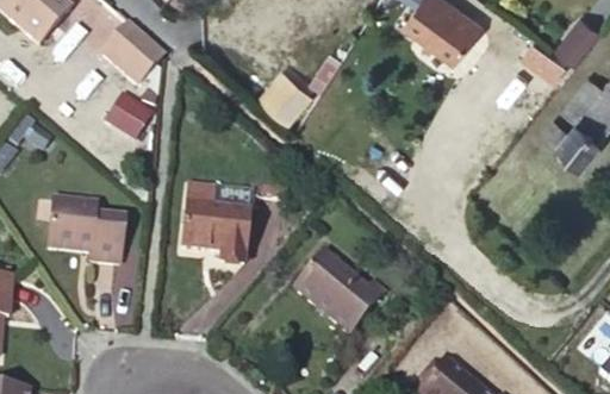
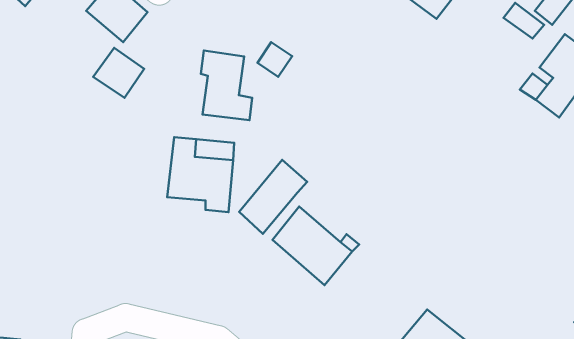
building: none -> [201,50,252,120]
building: [44,200,122,264] -> none
building: none -> [239,160,307,234]

